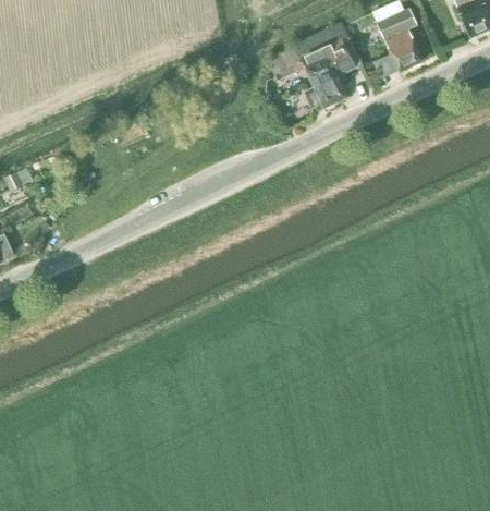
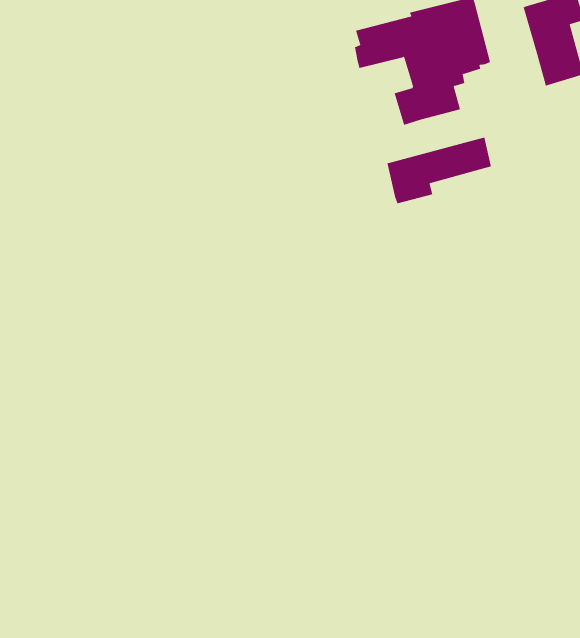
building: none -> [386,136,491,204]

